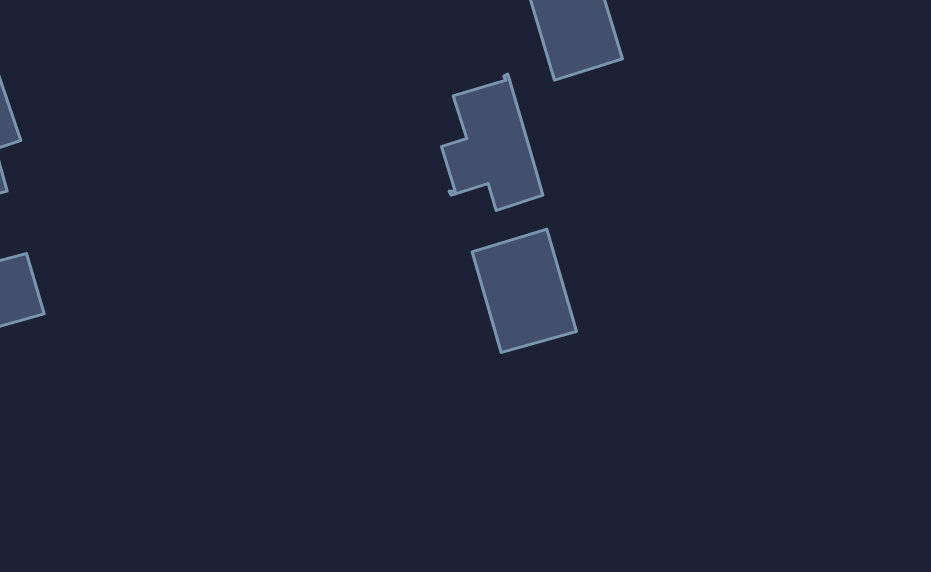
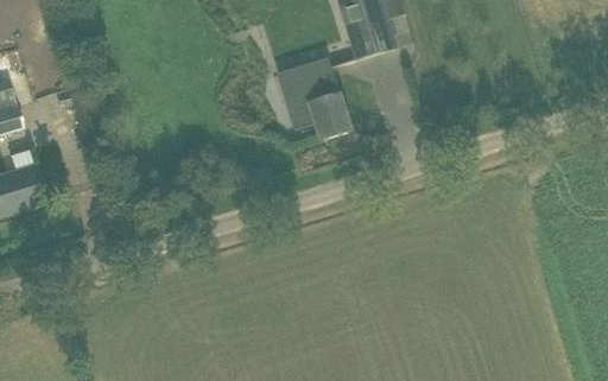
building: [472,229,577,352] -> none

